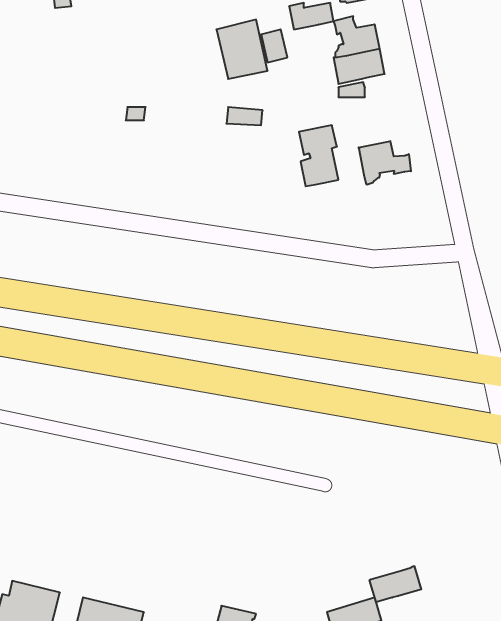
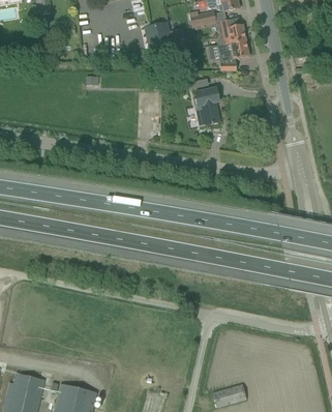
building: [359,141,411,185] -> none
building: [370,566,421,602] -> none

